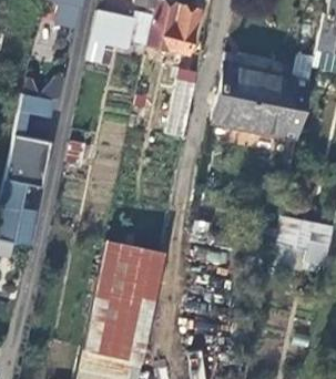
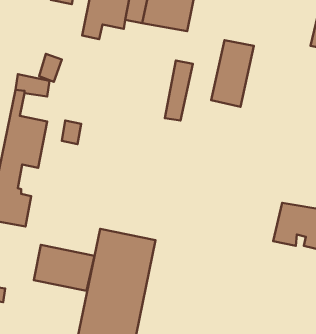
building: [243,66,309,137] -> none
building: none -> [34,245,95,291]

